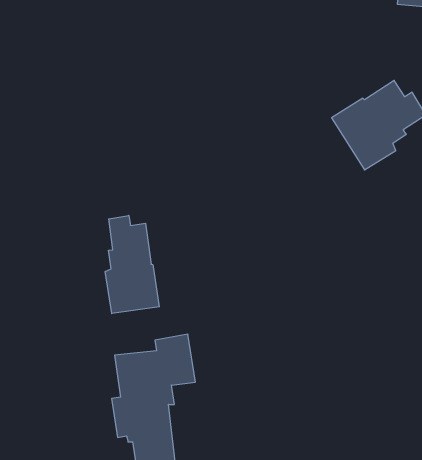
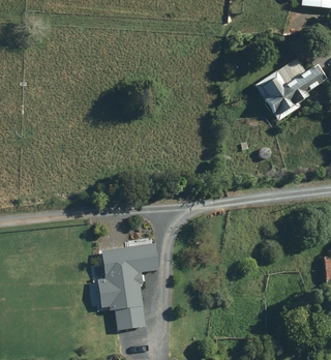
building: [105,215,159,314] -> none

